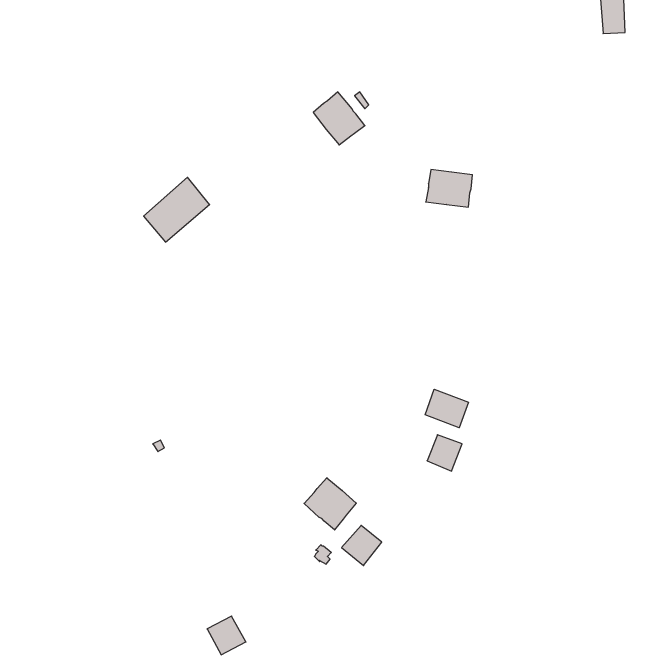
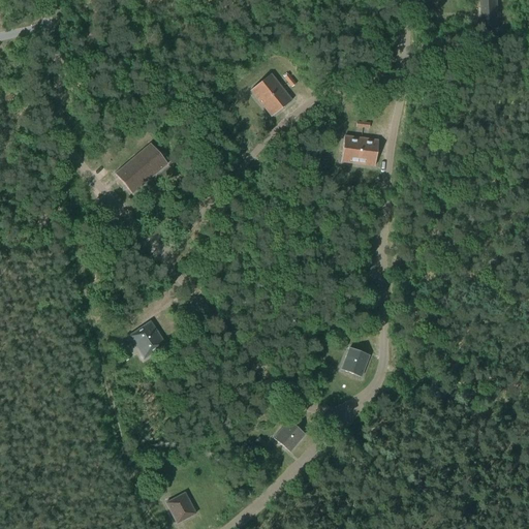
building: [425,389,468,428] -> none
building: none -> [129,320,166,357]
building: [304,478,356,530] -> none

